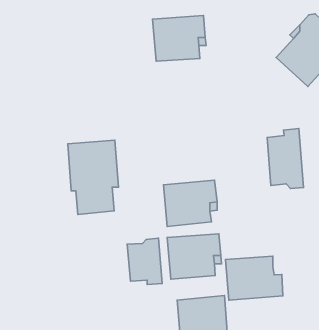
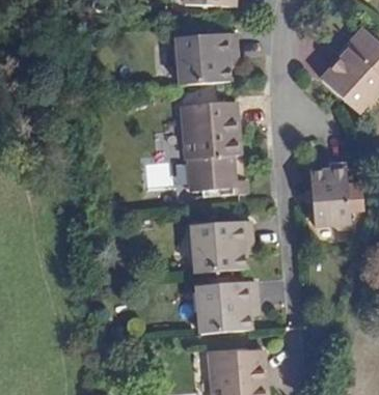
building: [68,140,119,215] -> [182,101,240,186]
building: [127,238,162,284] -> none
building: [225,256,283,300] -> none

